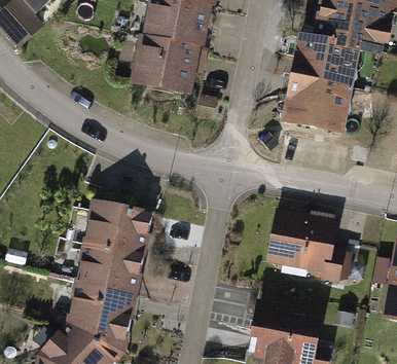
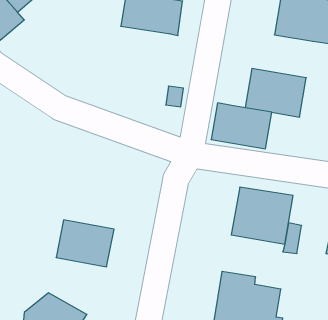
building: [134,31,202,86] -> none
building: [291,38,358,88] -> [211,103,272,149]
building: [84,205,147,255] -> none
building: [68,286,132,349] -> none

